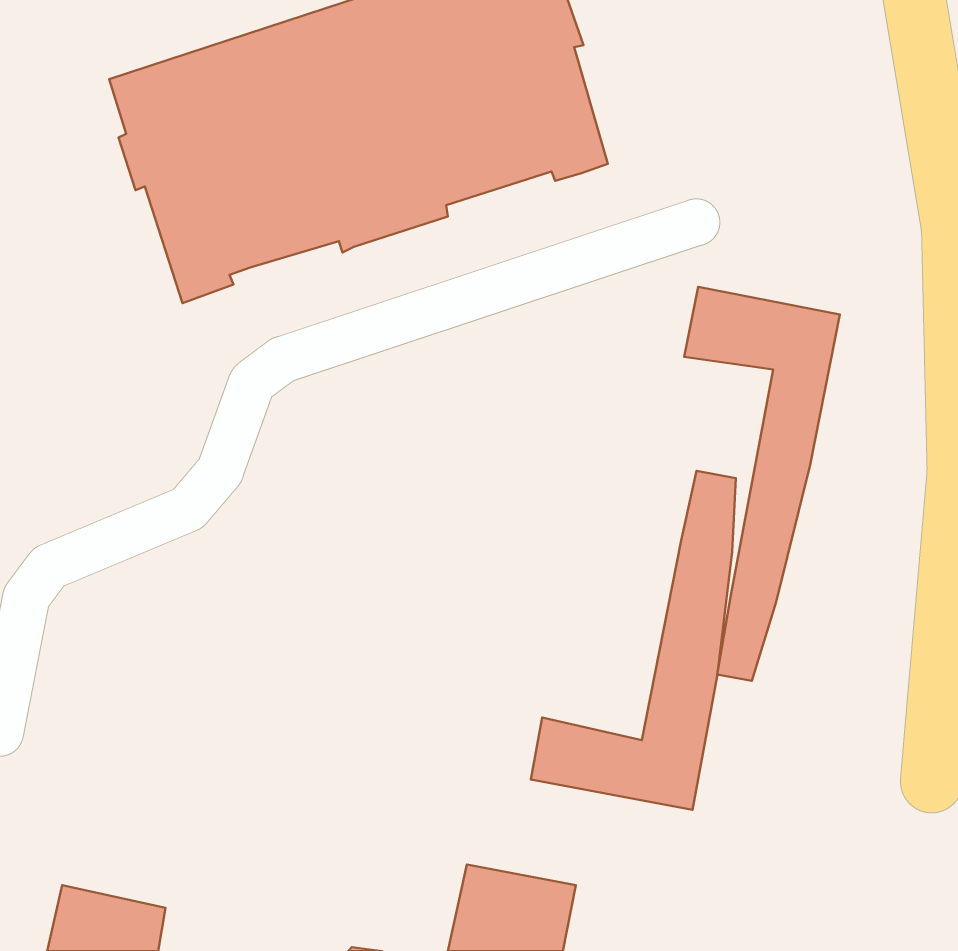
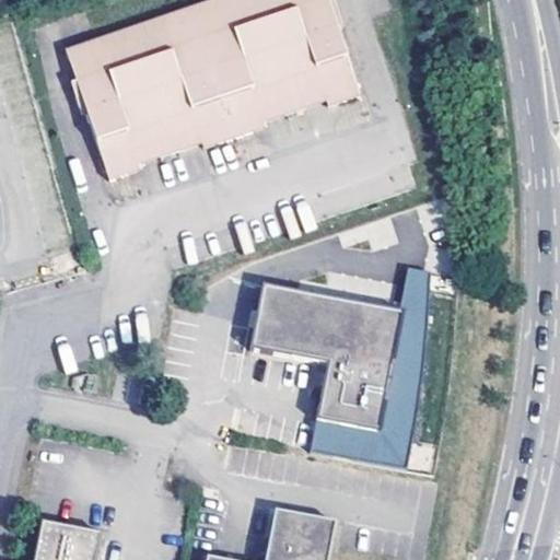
building: [684,287,840,681] -> none
building: none -> [247,287,398,430]

